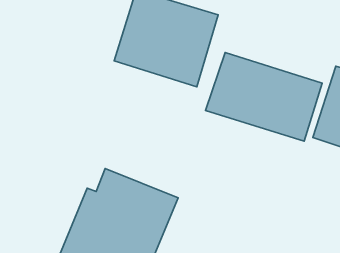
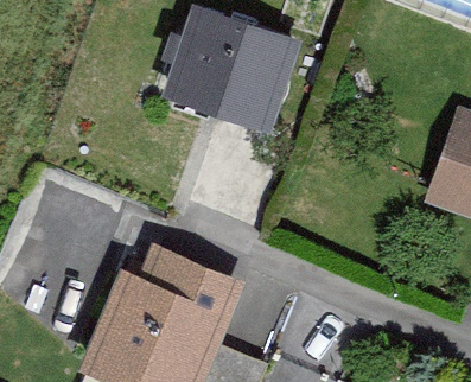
building: [206,52,322,141] -> none

